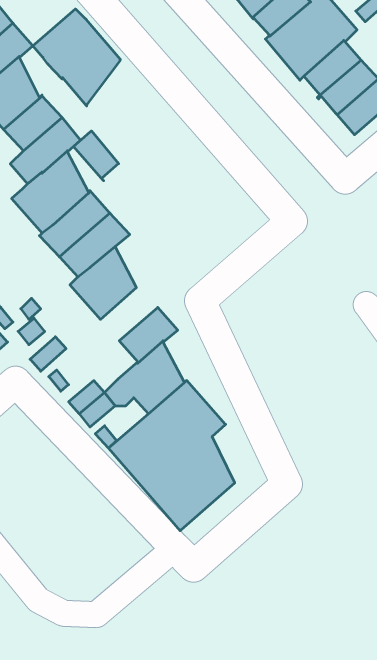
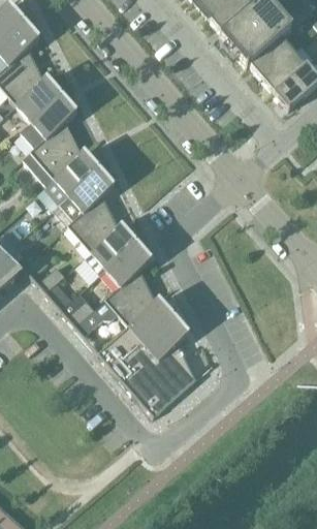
building: [33,9,120,106] -> none
building: [73,131,119,181] -> none
building: none -> [85,224,136,274]

